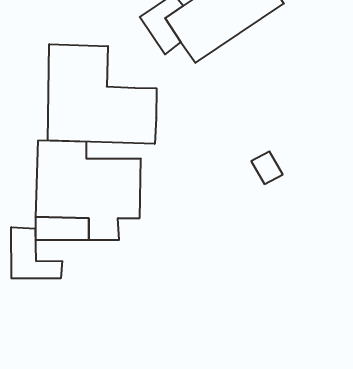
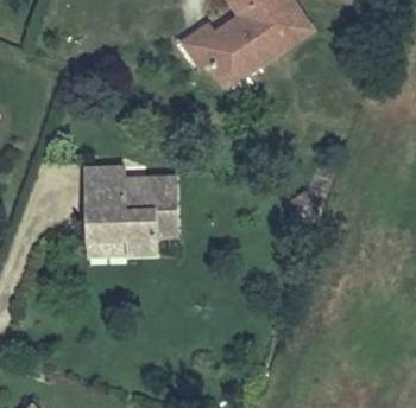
building: [48,44,157,144] -> none
building: [11,227,62,278] -> none

